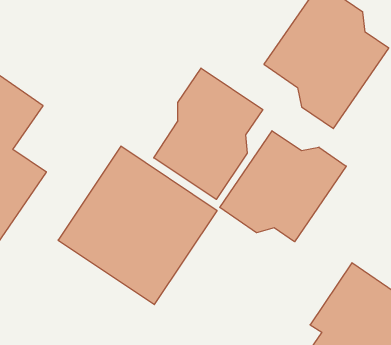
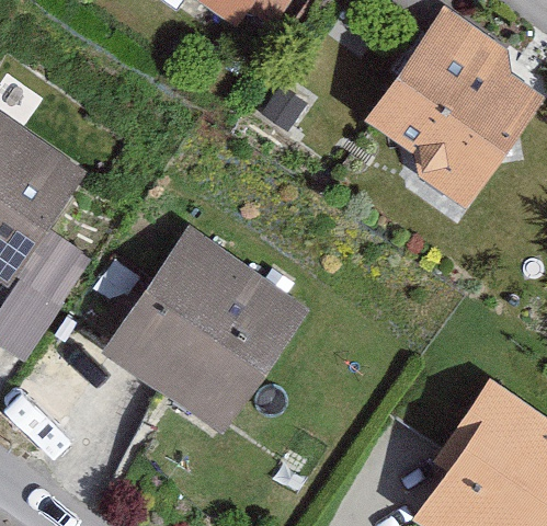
building: [154,68,263,199] -> none
building: [220,131,346,242] -> none

